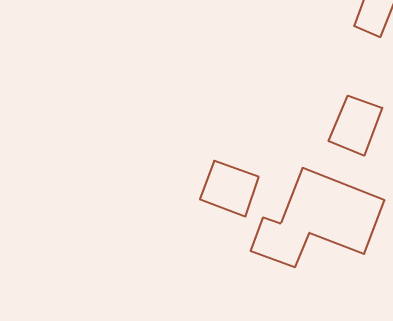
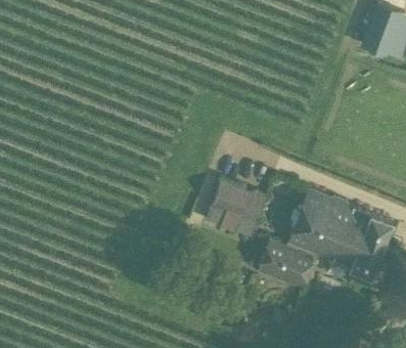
building: [329,96,382,156] -> none

